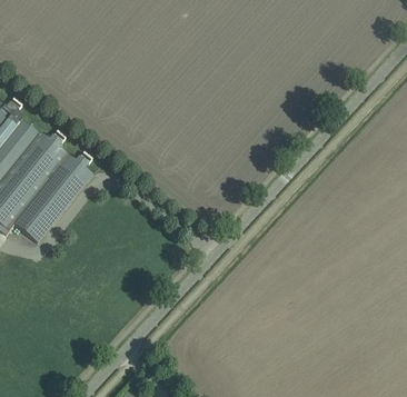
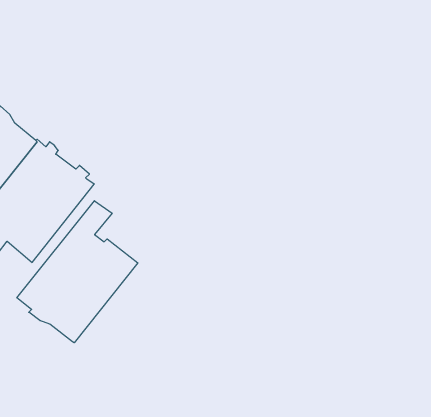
building: none -> [17,201,138,343]

